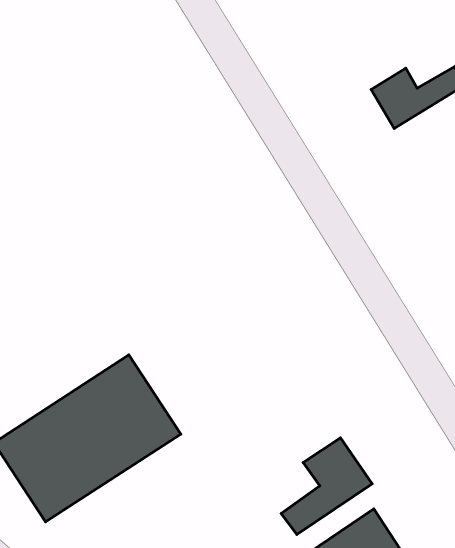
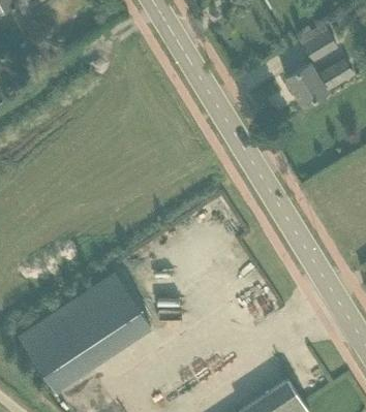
building: none -> [302,29,339,65]
building: [281,438,372,535] -> none

